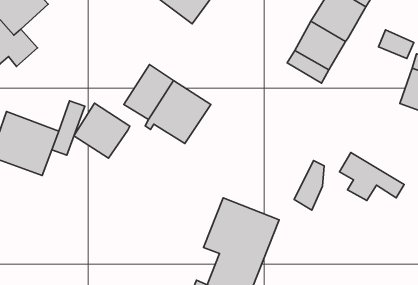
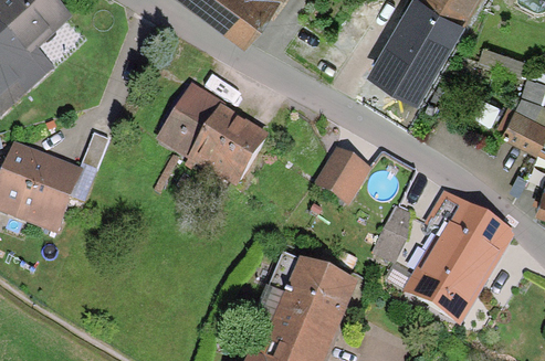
building: [74,103,130,158] -> none
building: none -> [318,149,366,197]
building: none -> [410,235,499,317]

